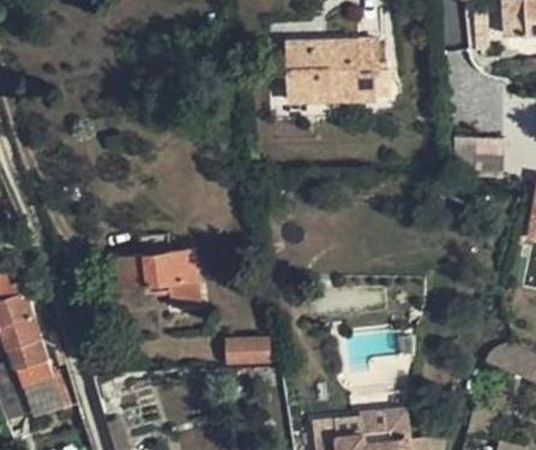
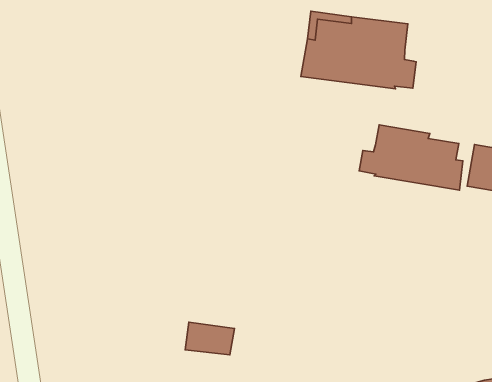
building: none -> [359,125,463,190]
building: [118,250,200,307] -> none

